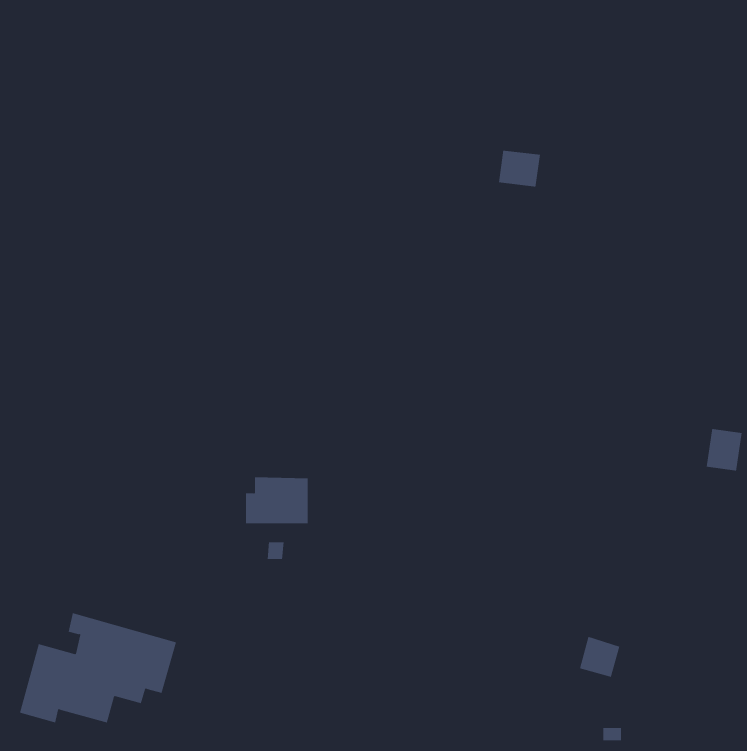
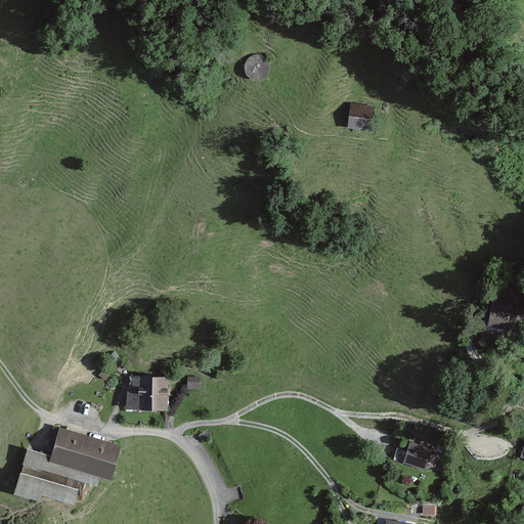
building: none -> [242,56,267,82]
building: [245,477,309,524] -> [125,375,169,407]

